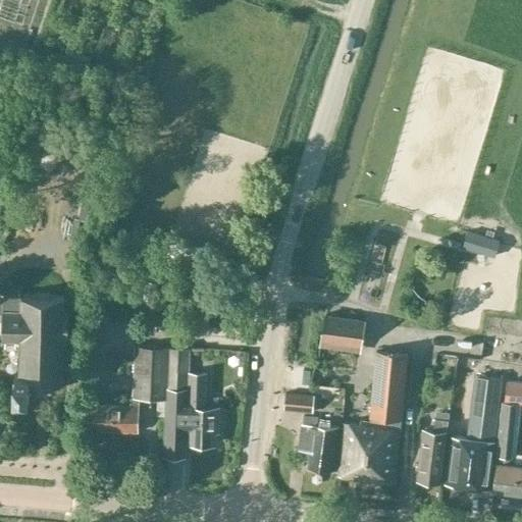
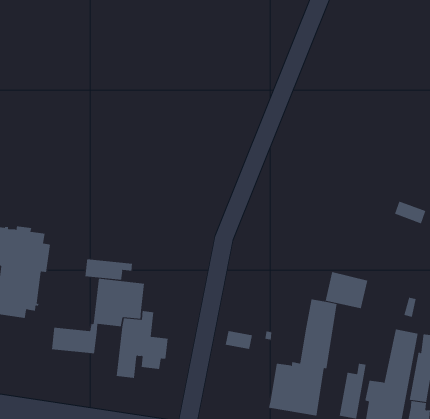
building: [319,314,366,354] -> [325,271,368,309]
building: none -> [85,259,132,280]
building: [298,418,343,472] -> none

